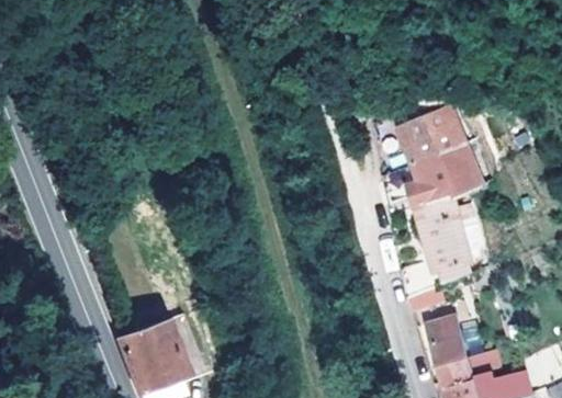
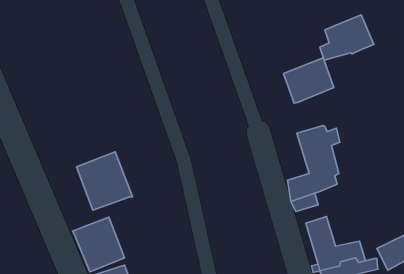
building: [408,146,480,206] -> [320,15,374,60]
building: none -> [76,152,133,210]

